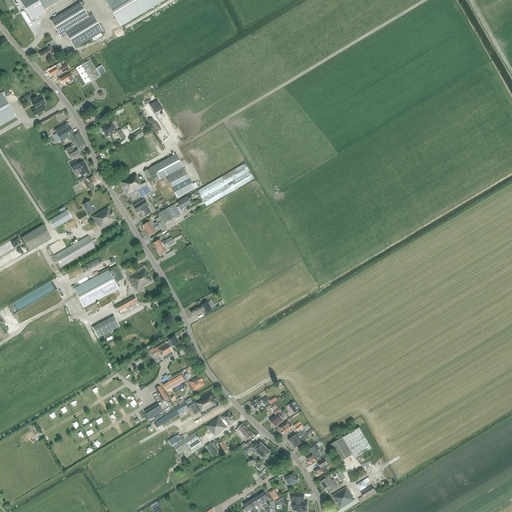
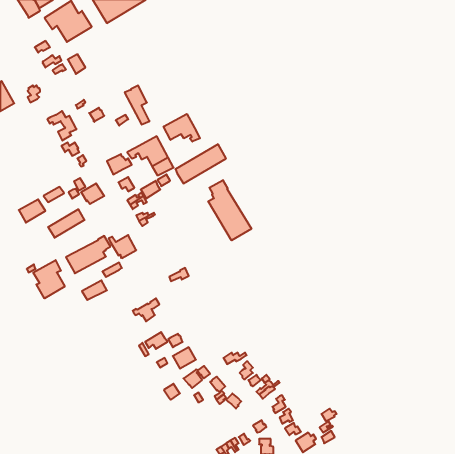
building: none -> [164,114,200,142]
building: none -> [208,180,251,240]
building: none -> [33,260,65,298]
building: [329,426,372,462] -> none

